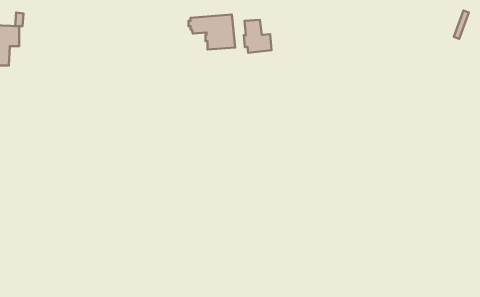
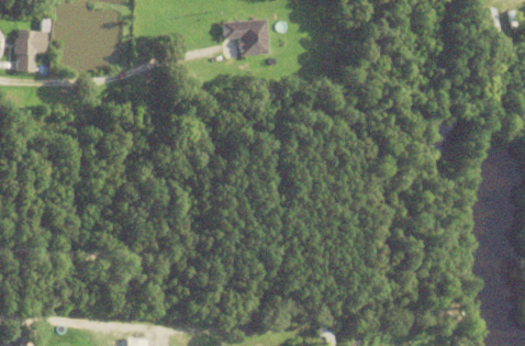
building: [244,20,271,53] -> none

